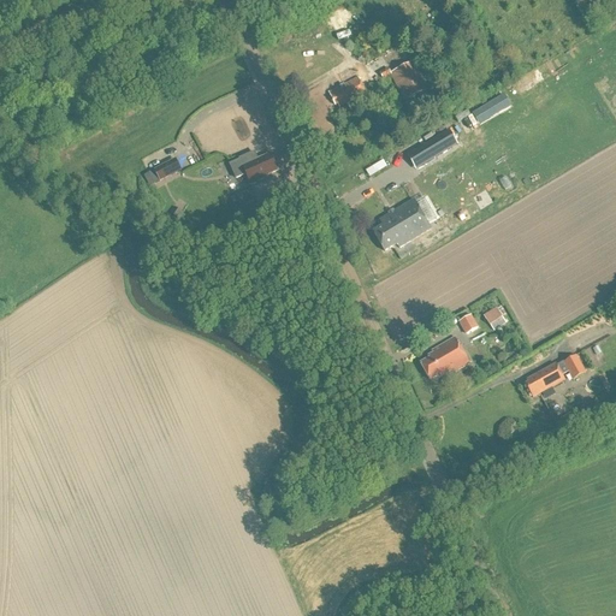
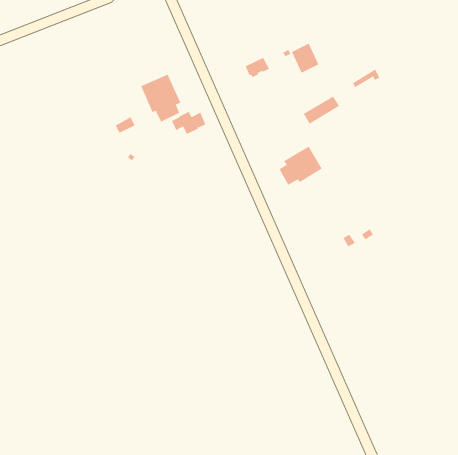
building: none -> [141,74,181,122]
building: [421,336,468,377] -> none
building: [526,355,586,397] -> none

